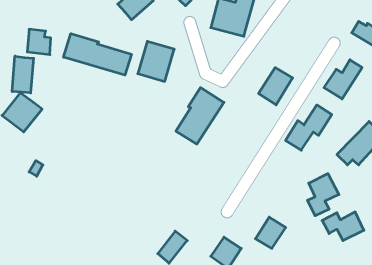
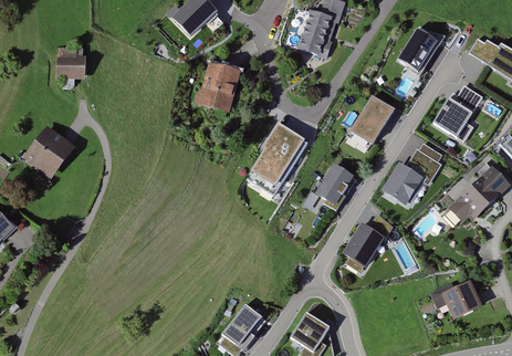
building: none -> [397,28,437,71]
building: [64,34,131,75] -> none
building: [12,56,34,93] -> none
building: none -> [317,165,351,201]
building: [308,174,339,216] -> none
building: [255,217,286,248] -> [344,224,383,264]

